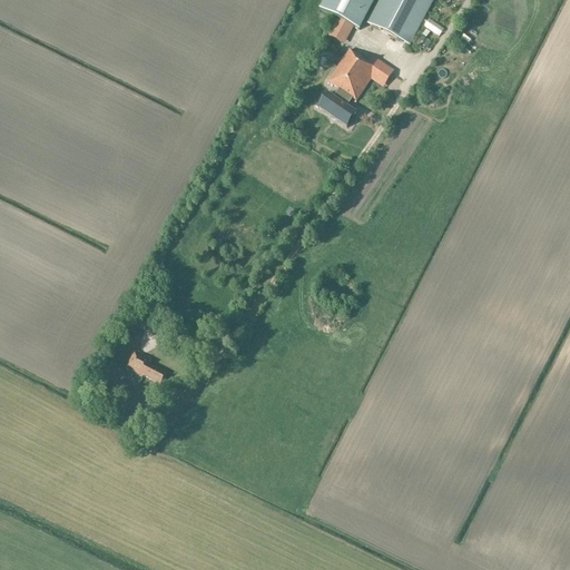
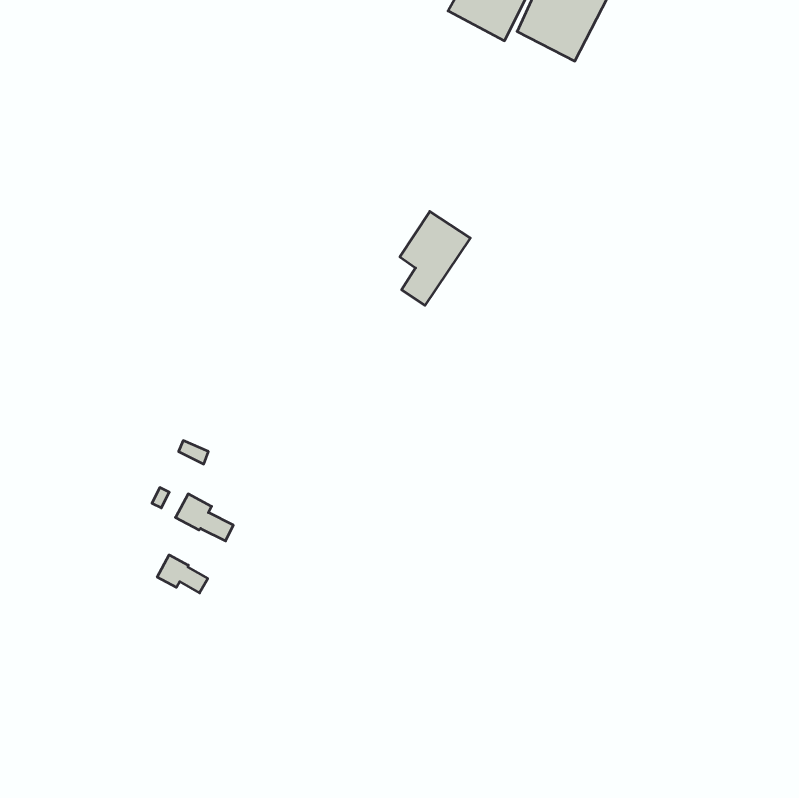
building: [327,49,377,116] -> [400,211,470,305]
building: none -> [157,555,208,593]

